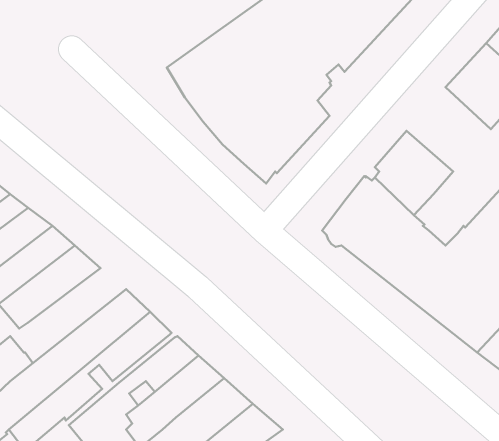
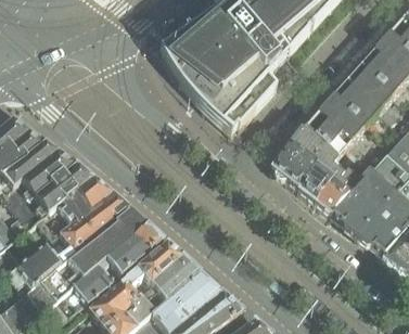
building: none -> [331,64,392,125]
building: none -> [56,194,129,262]

